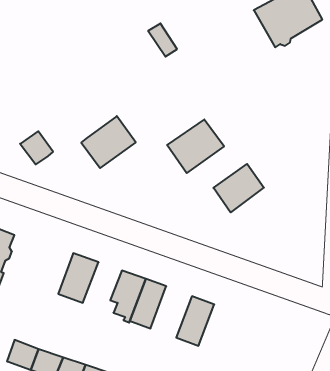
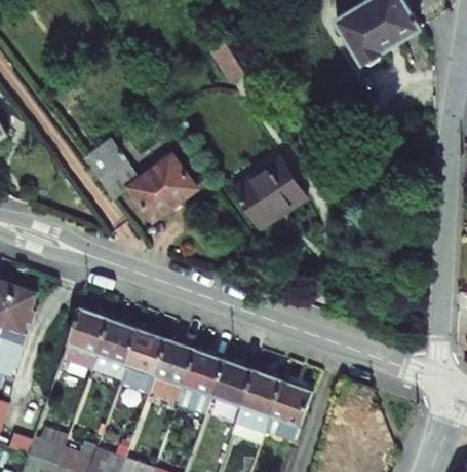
building: [20,131,53,164] -> [86,151,127,192]
building: [213,164,264,212] -> none
building: none -> [64,310,111,370]
building: none -> [123,331,171,393]
building: none -> [207,361,259,425]
building: none -> [267,384,317,445]

